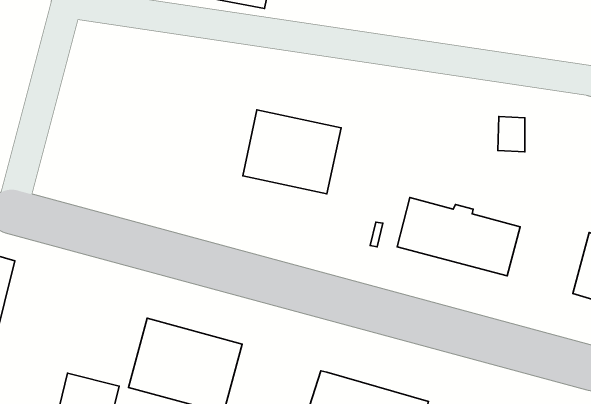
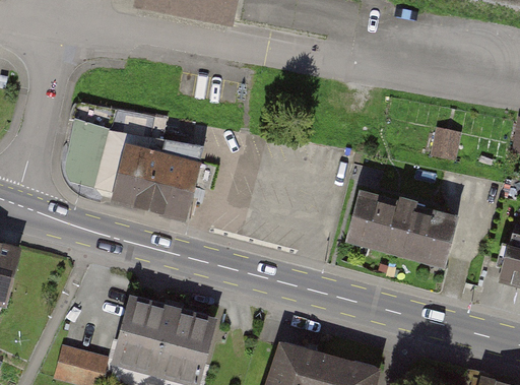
building: none -> [66,119,204,218]
building: [243,110,341,194] -> none

